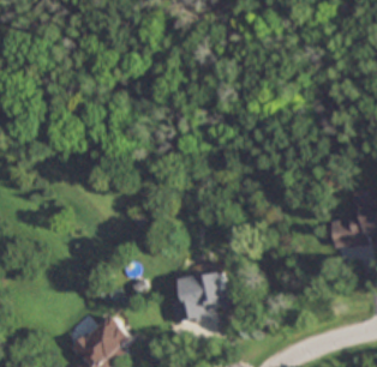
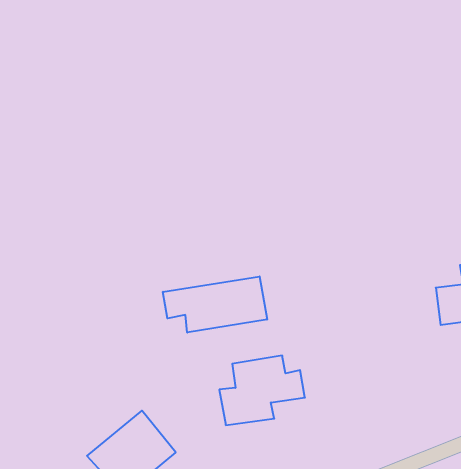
building: none -> [163,276,267,333]

